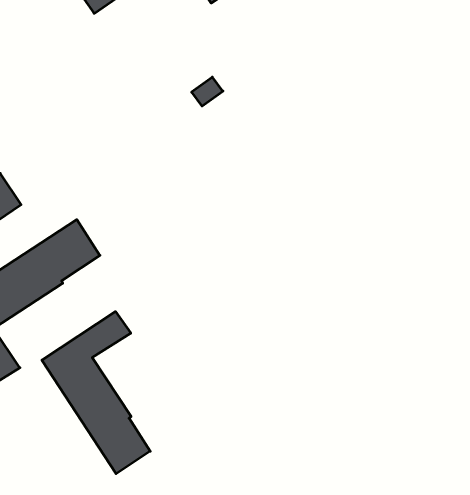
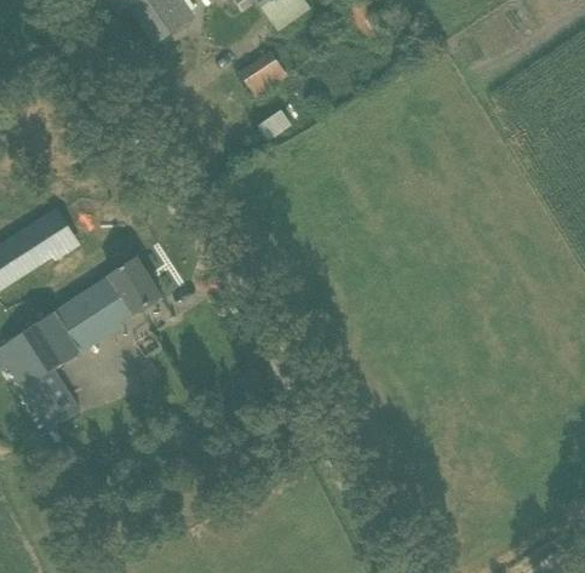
building: none -> [239,51,287,96]
building: [42,312,150,474] -> none

